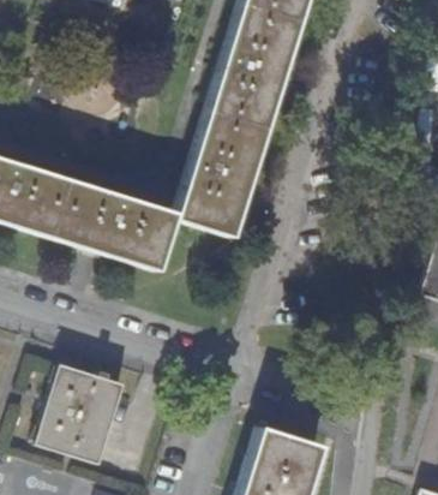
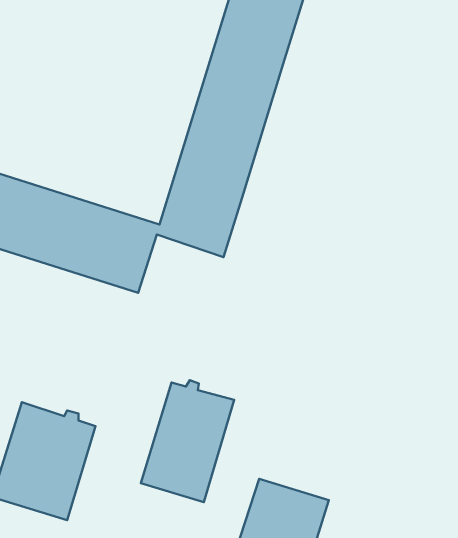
building: none -> [141,380,234,502]

